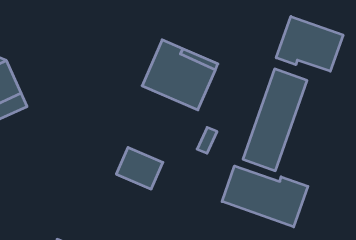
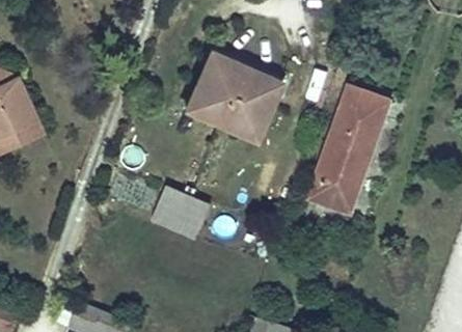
building: [276,16,343,71] -> none
building: [222,166,308,227] -> none

